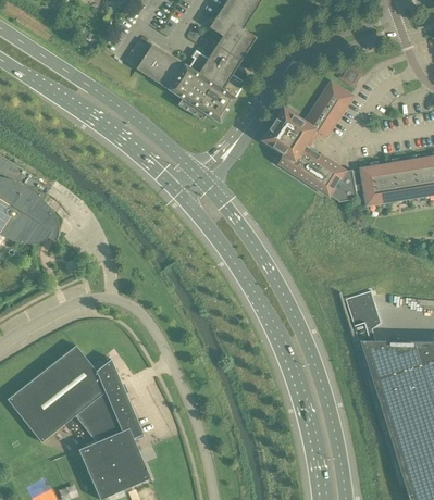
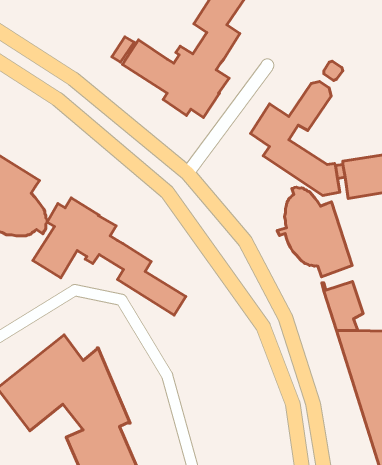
building: none -> [277,187,352,277]
building: none -> [33,198,186,315]

